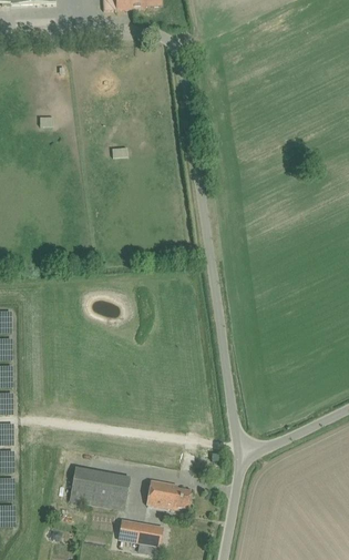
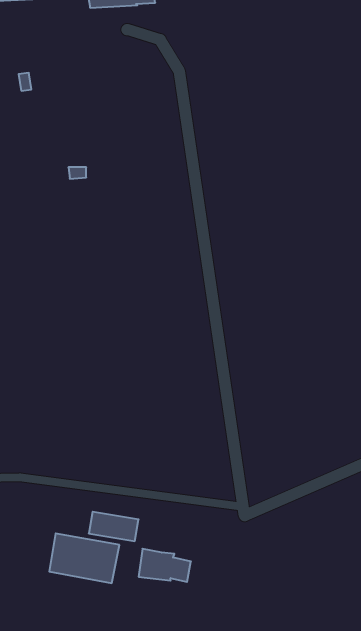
building: [119,518,162,543] -> [89,512,139,541]

